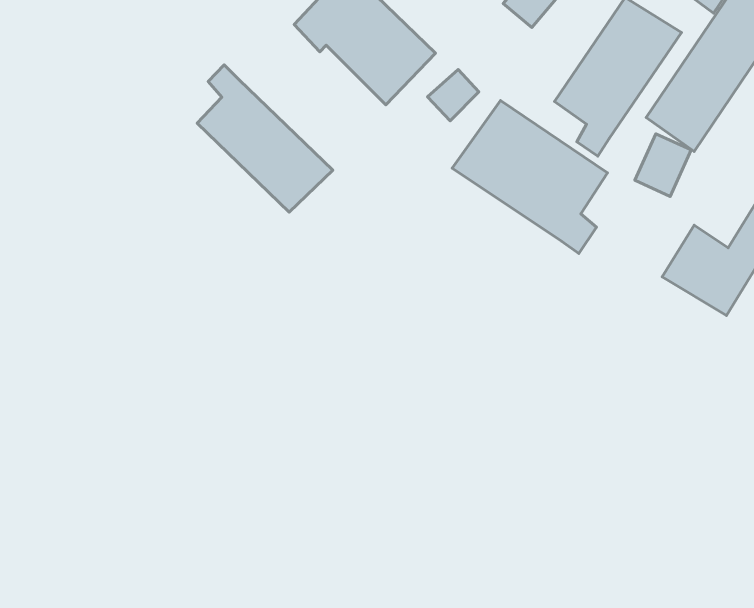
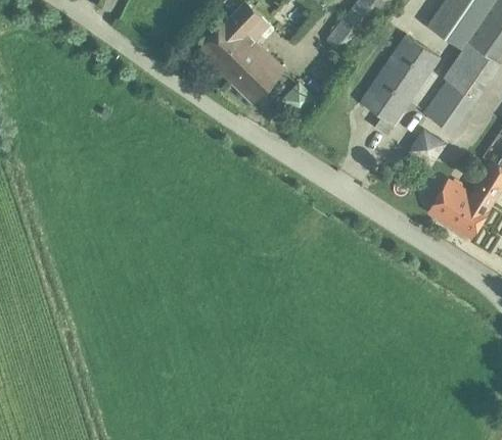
building: [197,65,333,212] -> none
building: [452,101,608,254] -> none

